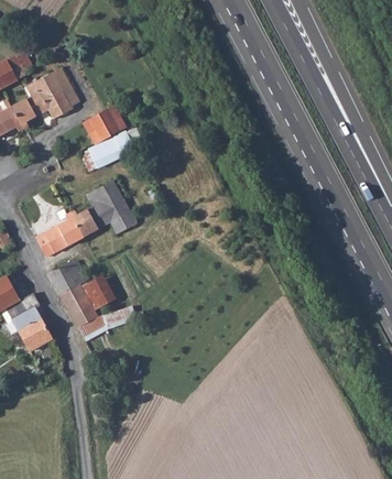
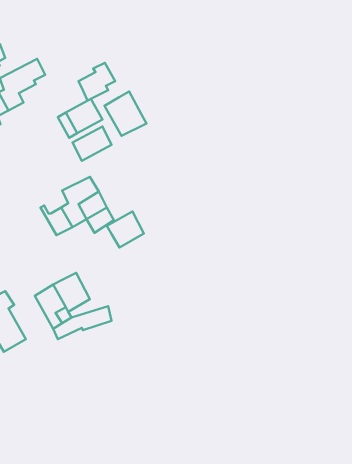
building: [45,83,80,119] -> [78,63,115,101]
building: none -> [105,91,146,136]
building: [36,210,81,257] -> none
building: none -> [107,212,144,247]
building: [50,261,87,295] -> none

